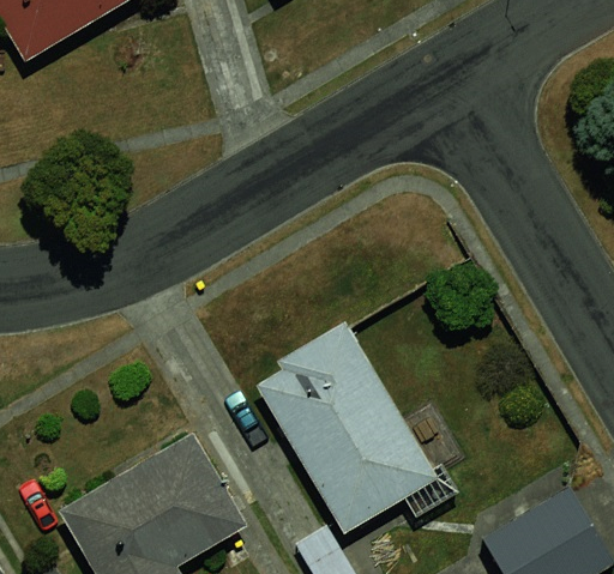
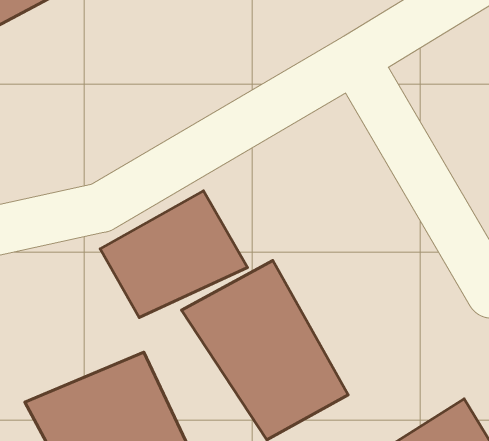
building: none -> [100,191,248,317]

